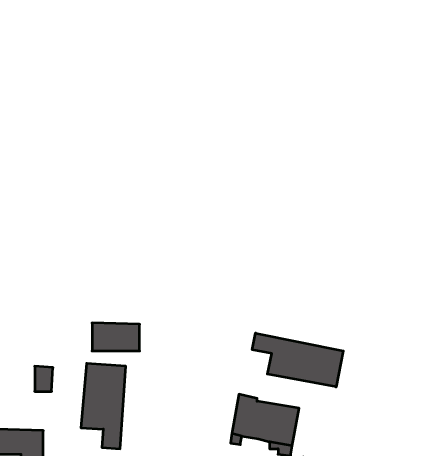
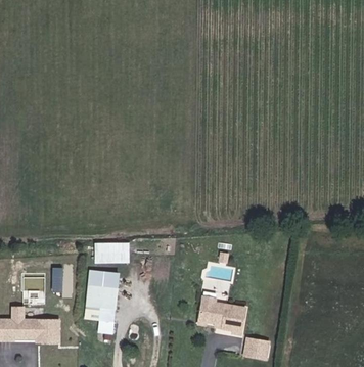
building: [252,333,343,387] -> none

